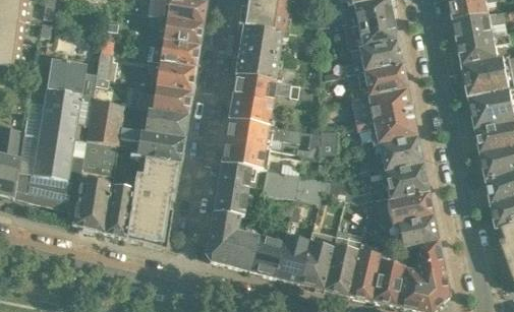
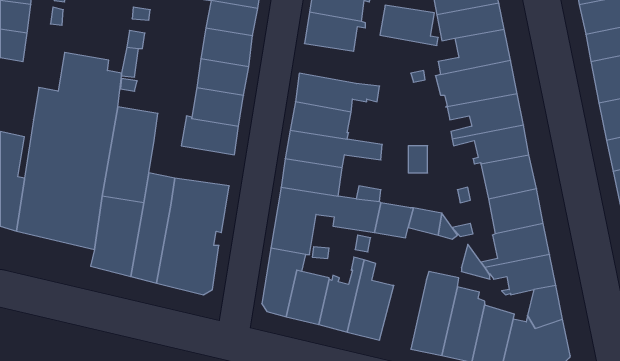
building: [235,50,281,81] -> [380,5,438,45]
building: [117,126,184,162] -> none
building: [298,229,335,290] -> none

